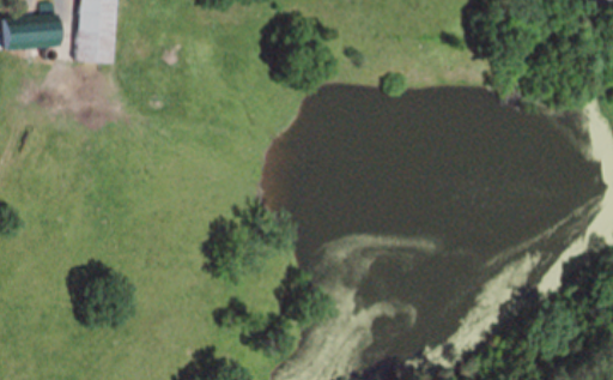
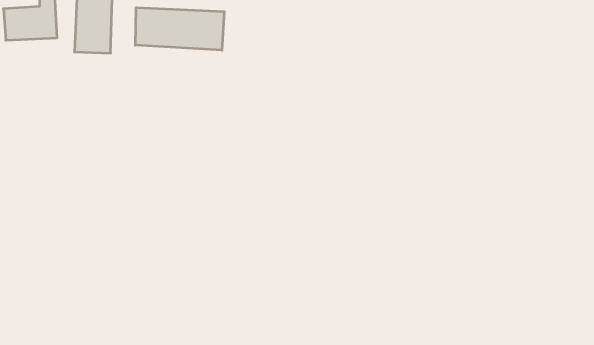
building: none -> [135,8,224,50]

